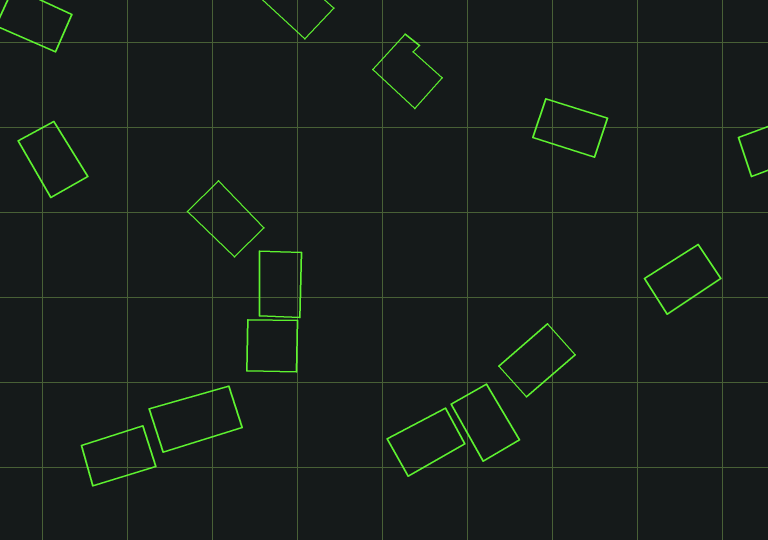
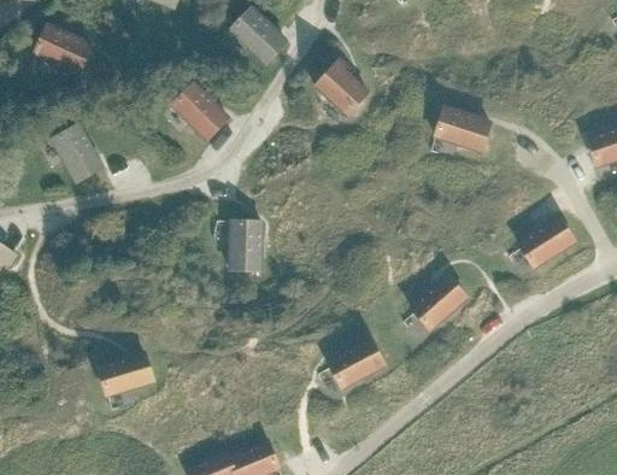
building: [188,181,264,257] -> [171,82,228,139]
building: [247,320,298,372] -> none
building: [451,384,519,461] -> none
building: [149,386,242,452] -> none

